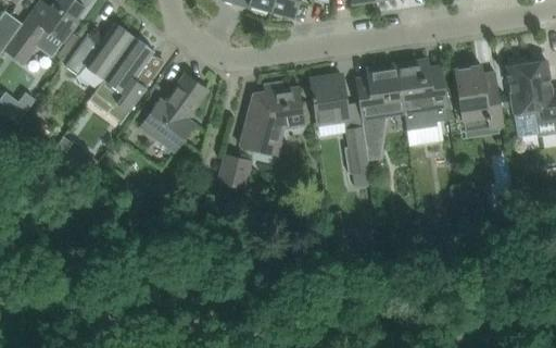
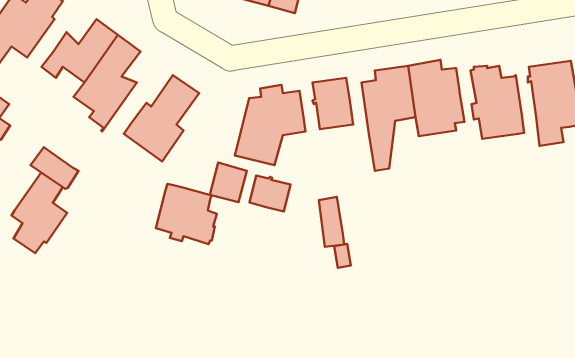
building: [345,127,368,173] -> [319,197,344,247]
building: none -> [11,172,67,253]
building: none -> [249,175,291,212]
building: none -> [156,184,217,244]

